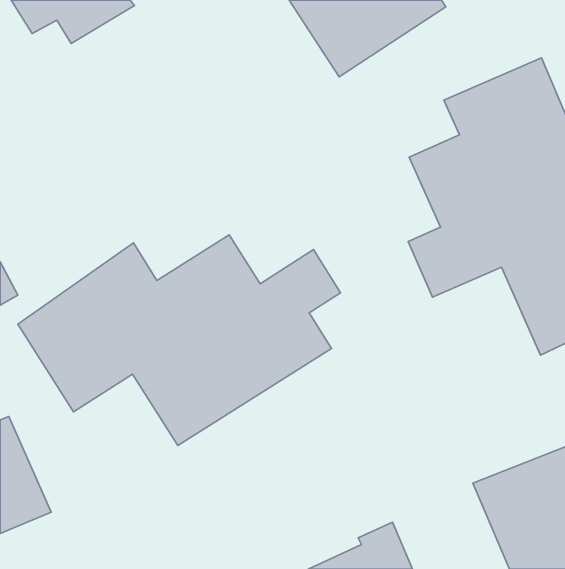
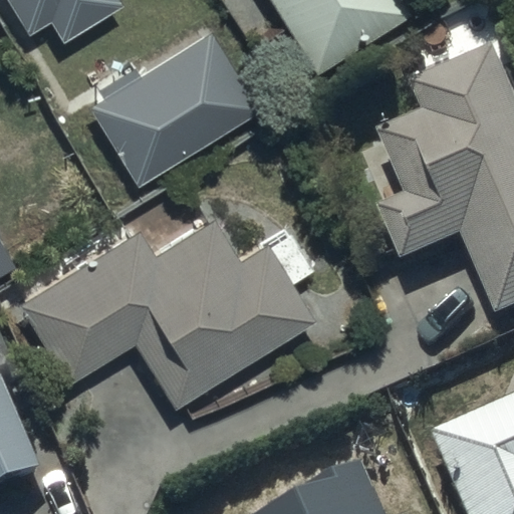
building: none -> [92,33,264,188]

